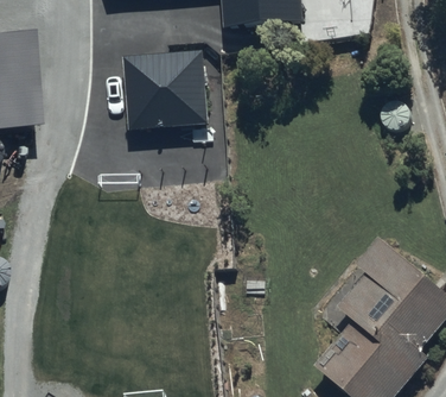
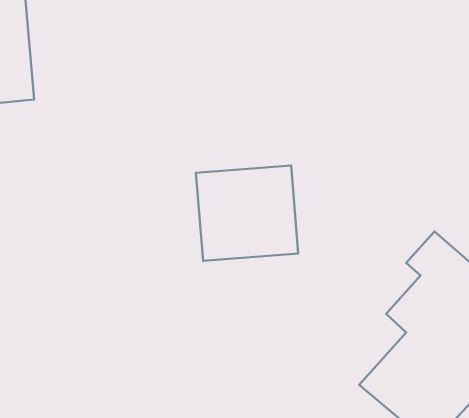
building: [122,50,208,130] -> [196,166,298,261]

